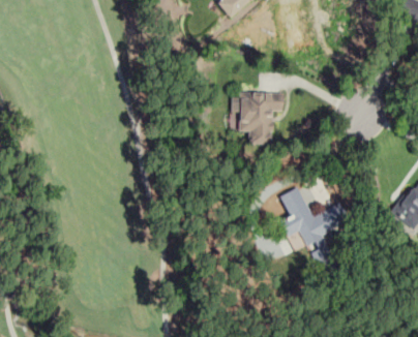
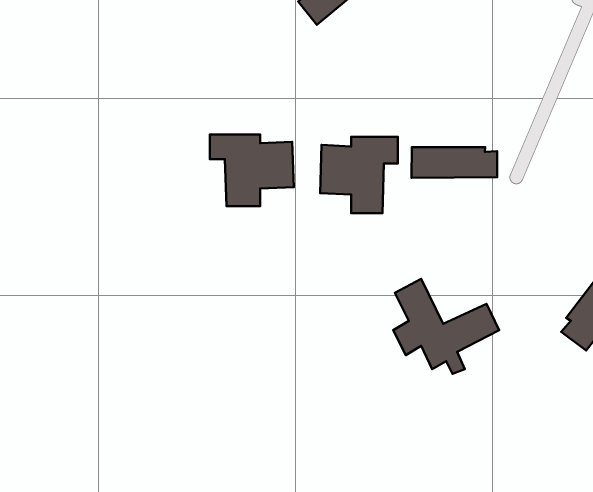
building: none -> [210,134,294,206]
building: none -> [411,147,497,178]

